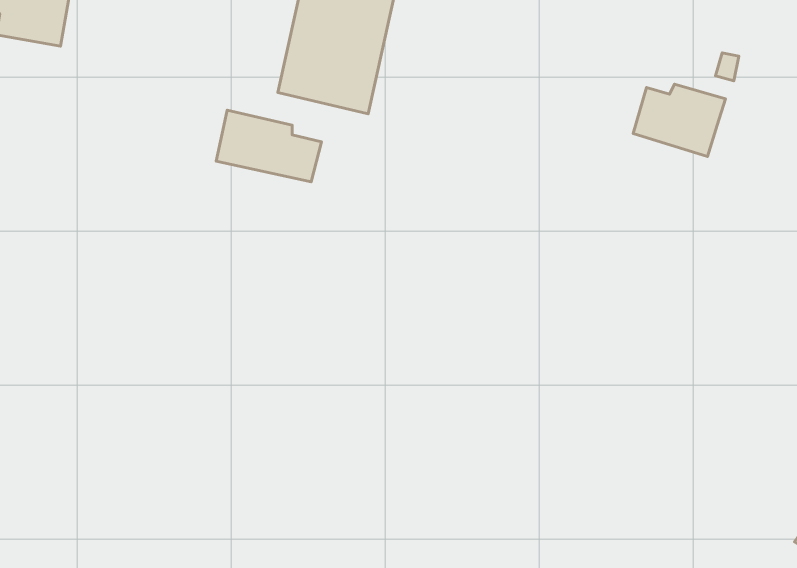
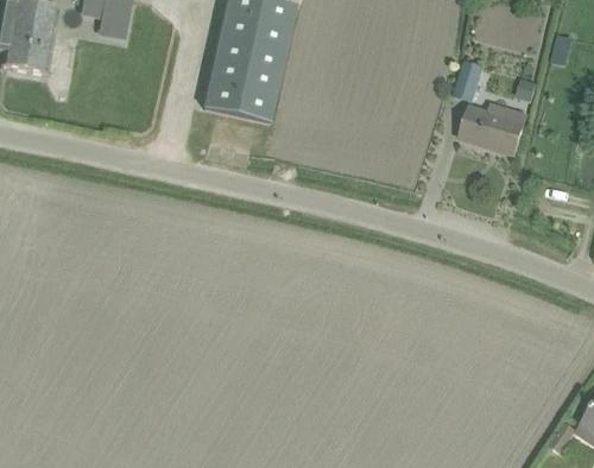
building: none -> [455,57,484,96]
building: [216,110,321,182] -> none

